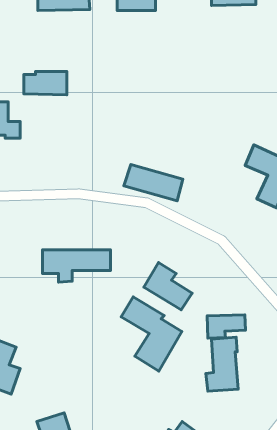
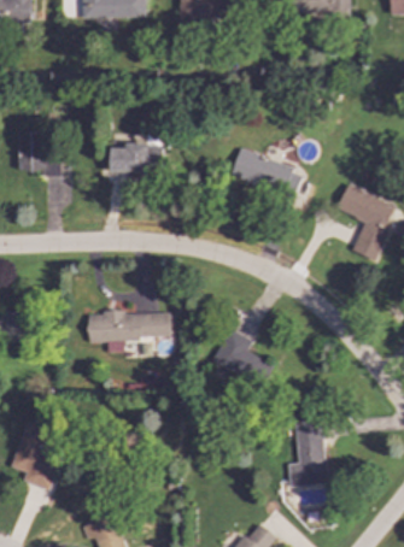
building: [24,71,67,95] -> [111,143,164,172]
building: [124,164,183,201] -> [230,151,303,195]
building: [121,297,182,371] -> none
building: [207,315,246,338] -> none

